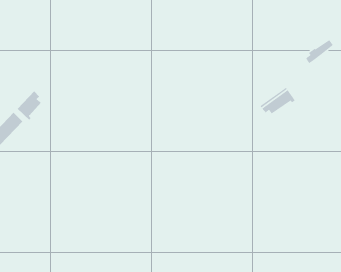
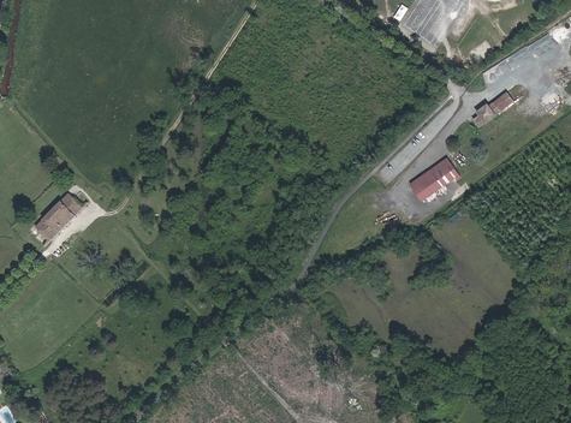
building: [17,91,41,120] -> none

